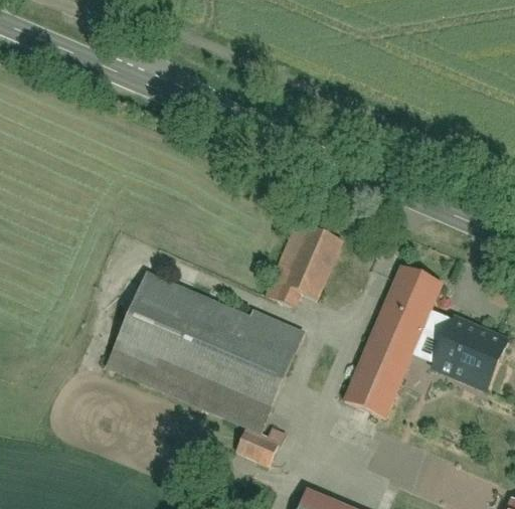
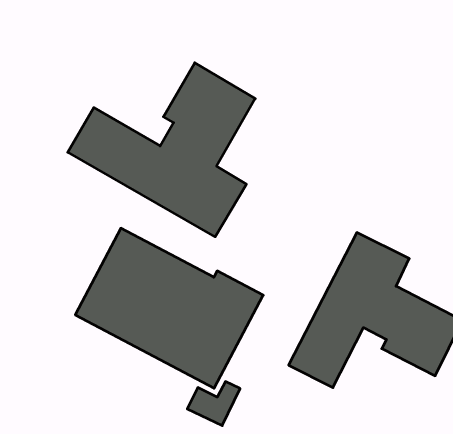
building: none -> [68,63,255,237]
building: [261,217,344,307] -> none

